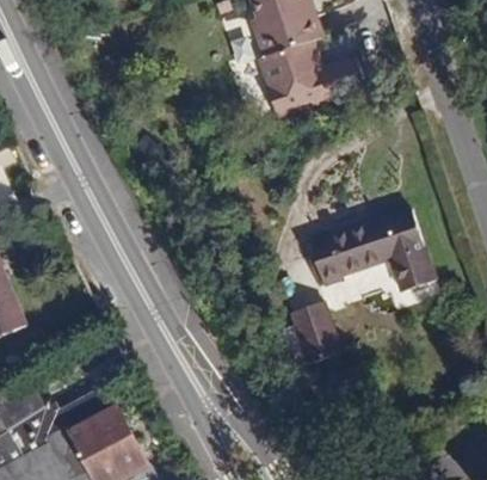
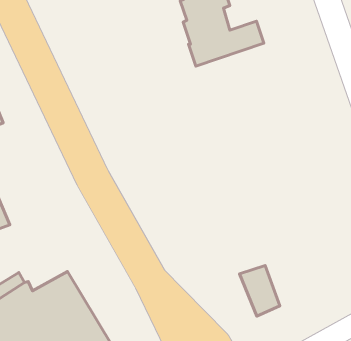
building: [310,219,437,299] -> none
building: [288,308,340,374] -> [239,266,280,316]

